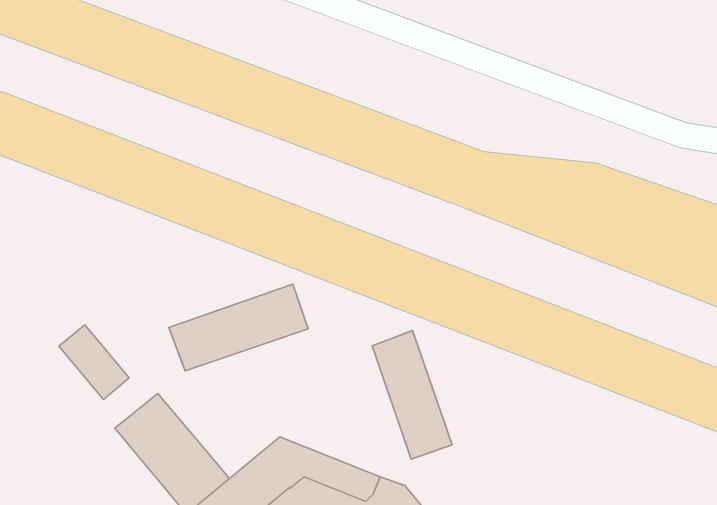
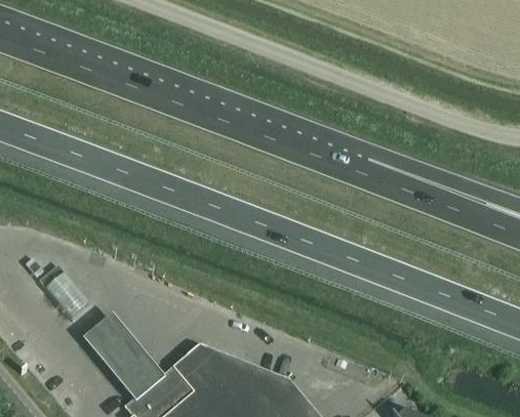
building: [169,284,308,371] -> none
building: [372,330,452,459] -> none

